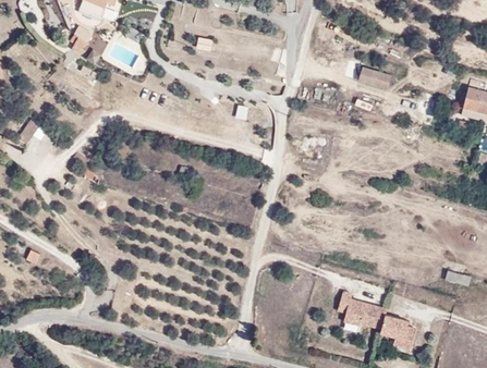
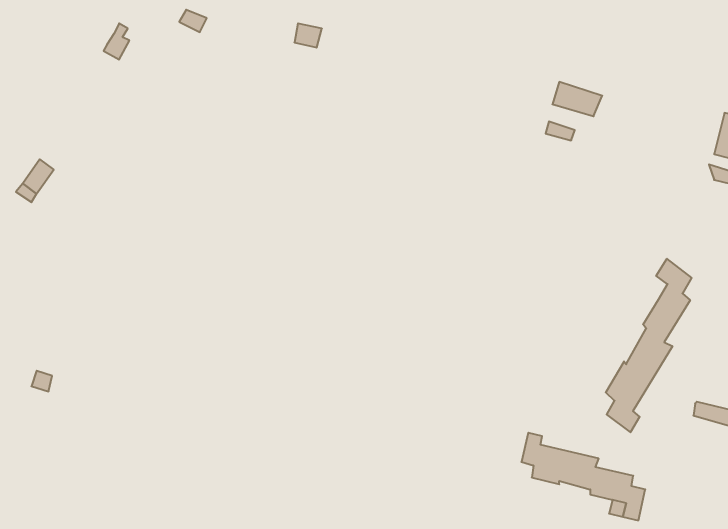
building: none -> [606,259,692,432]

